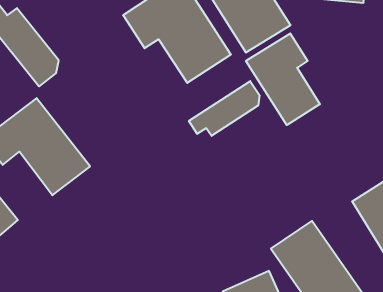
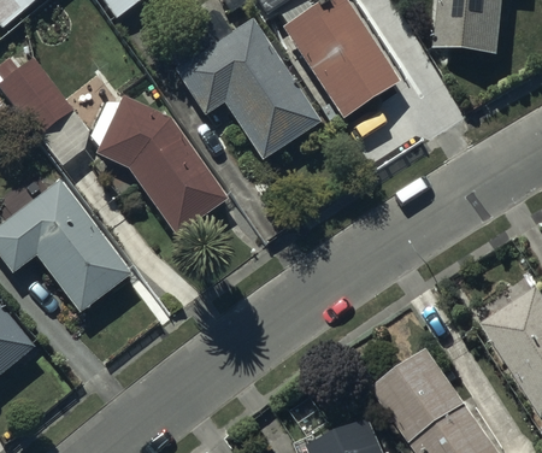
building: none -> [90,89,226,234]
building: [246,33,320,125] -> none
building: [189,81,260,136] -> none

